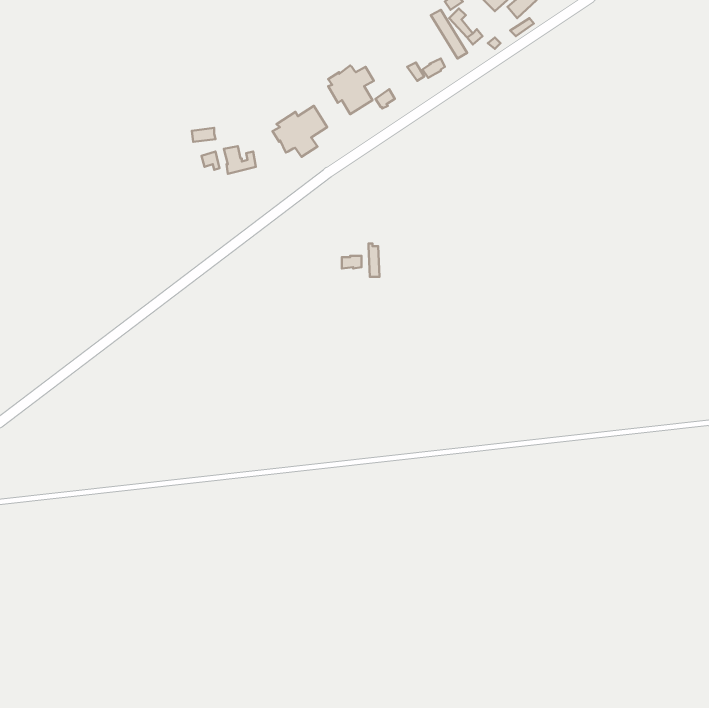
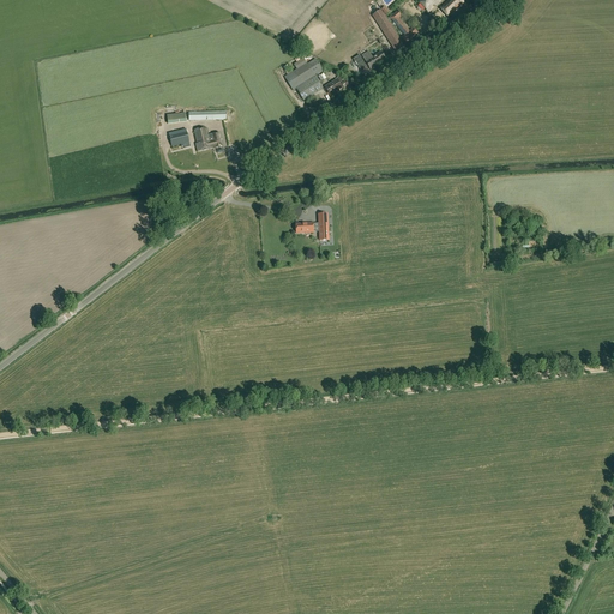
building: [273,106,327,157] -> none

